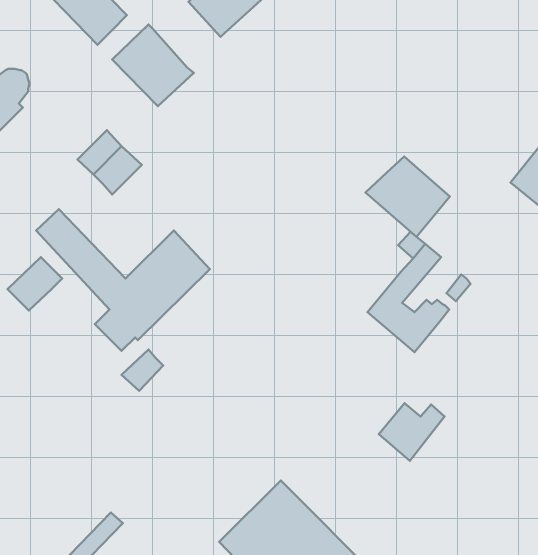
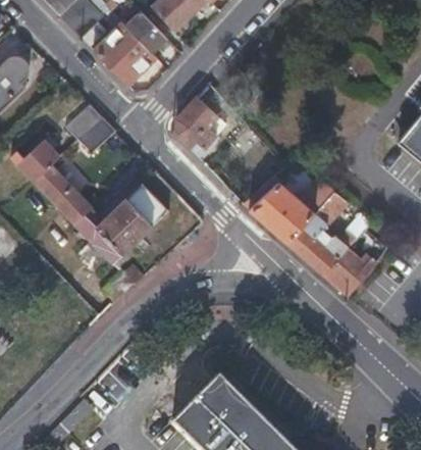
building: none -> [123,11,167,56]
building: none -> [172,99,215,149]
building: [366,157,450,237] -> [249,182,313,243]
building: [8,257,62,311] -> [18,140,60,181]
building: [379,403,444,461] -> [323,250,373,294]

